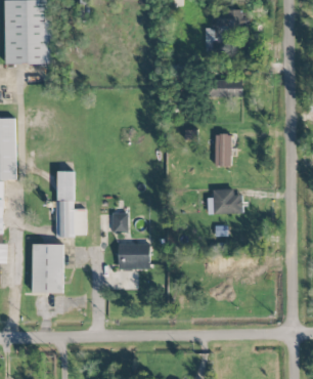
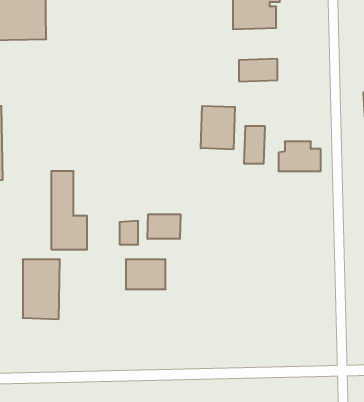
building: none -> [201,106,235,149]
building: [207,188,241,213] -> [279,141,321,171]
building: none -> [148,214,181,239]

